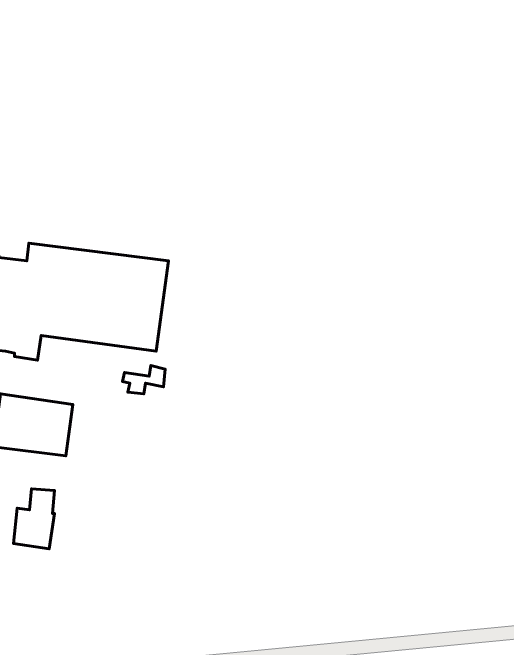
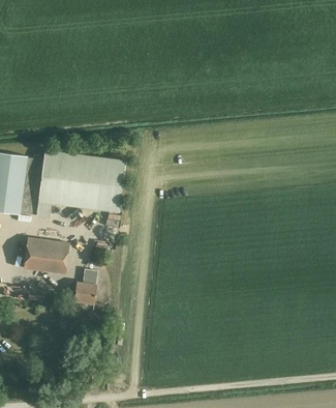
building: [14,489,54,549] -> [73,269,97,304]

